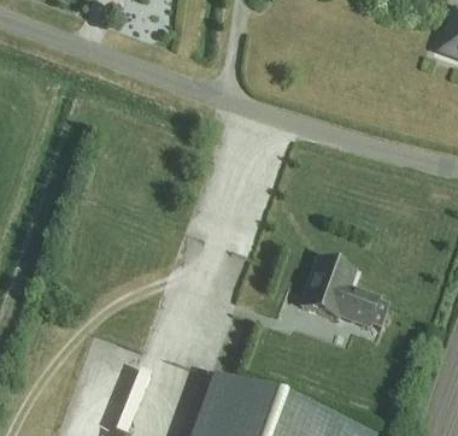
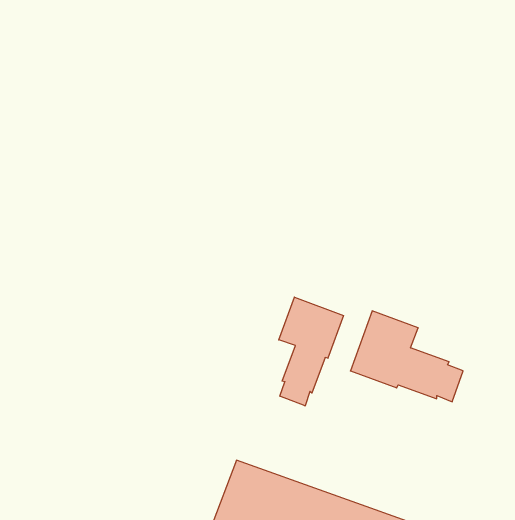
building: none -> [279,297,344,406]

